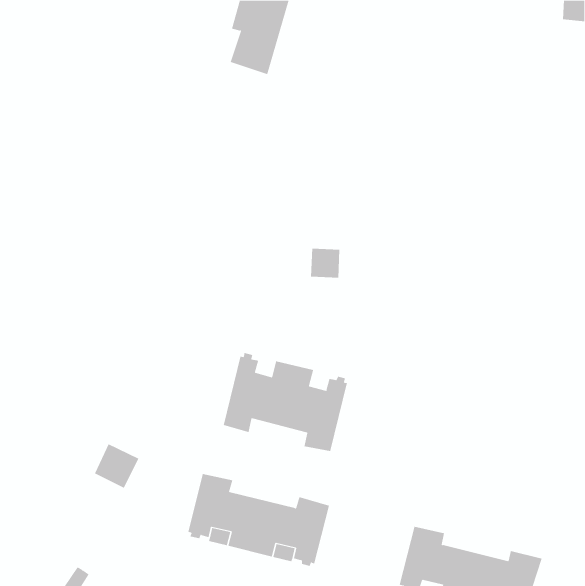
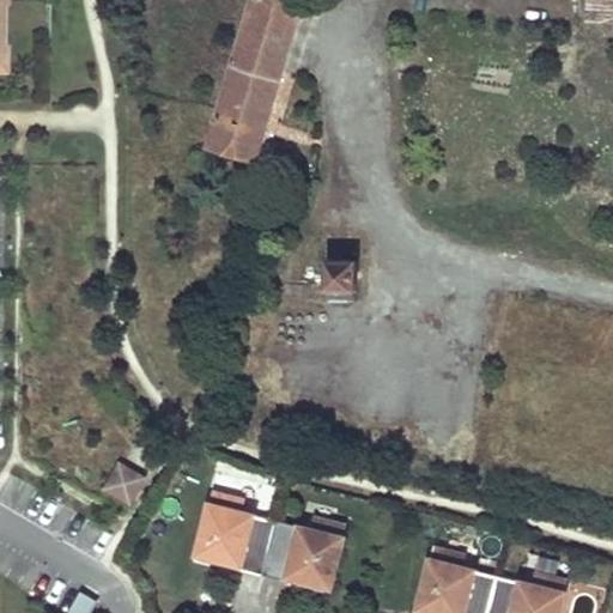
building: none -> [205,31,279,165]
building: [223,352,348,452] -> none

